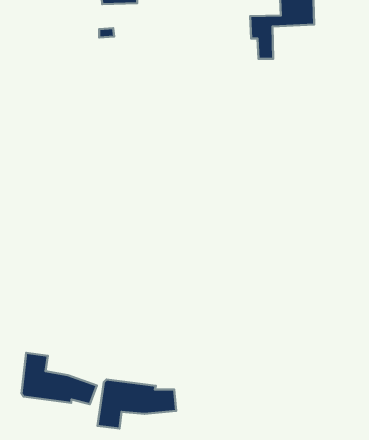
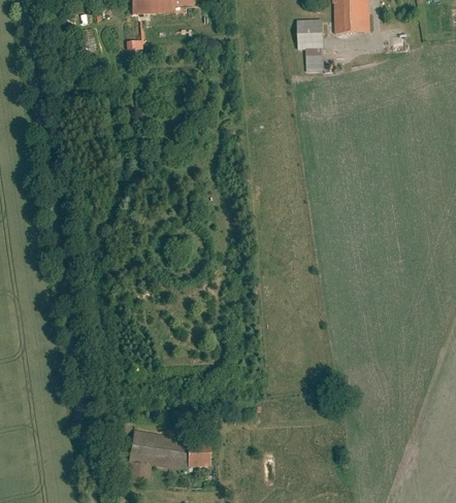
building: [21,353,97,404] -> none

